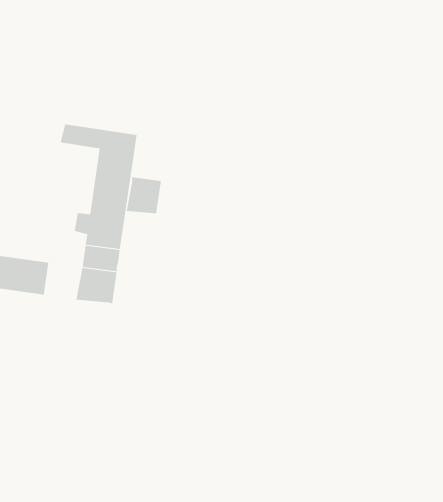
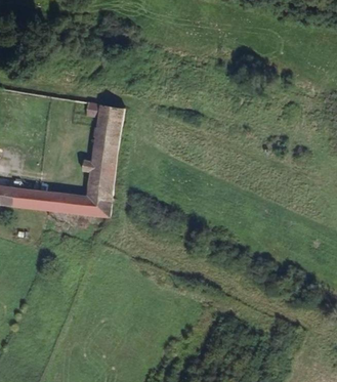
building: [126,176,162,214] -> none
building: none -> [61,192,86,216]

